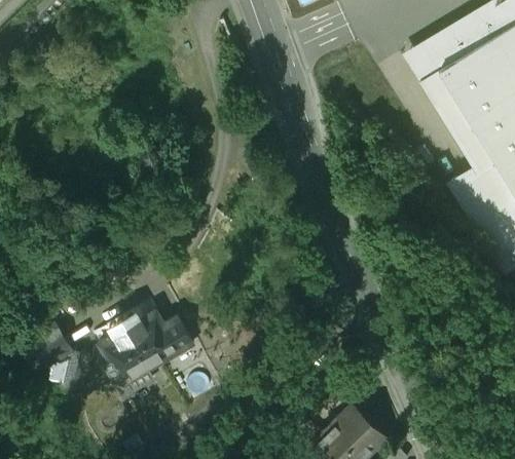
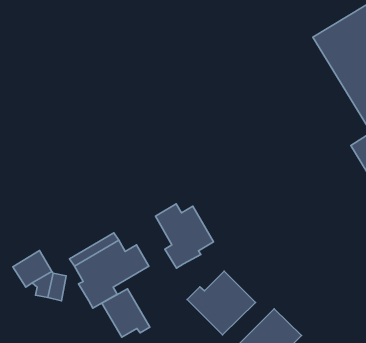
building: none -> [155,204,214,268]
building: none -> [187,271,256,335]
building: none -> [102,289,150,337]

